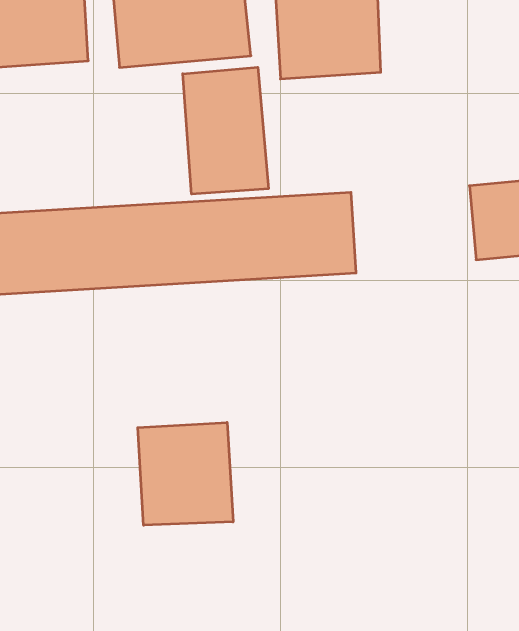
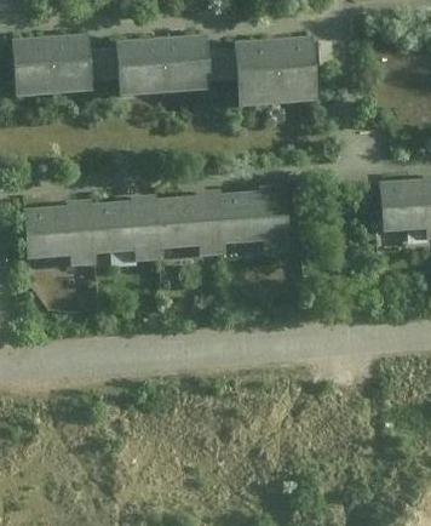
building: [183,67,268,194] -> none
building: [138,422,233,525] -> none

